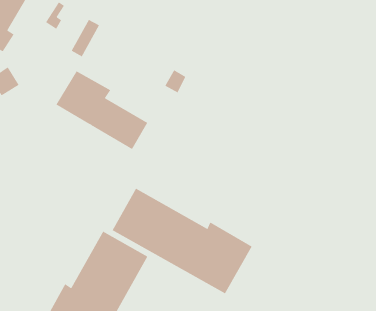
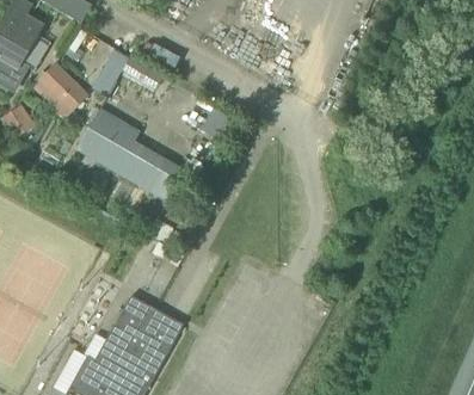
building: none -> [35,63,86,117]
building: [112,188,252,294] -> none

